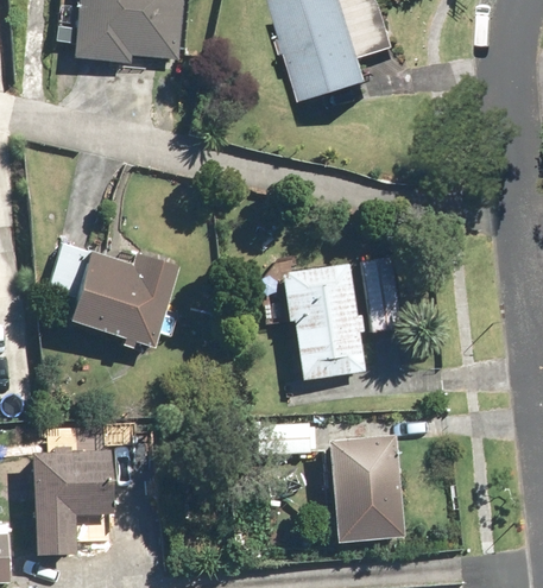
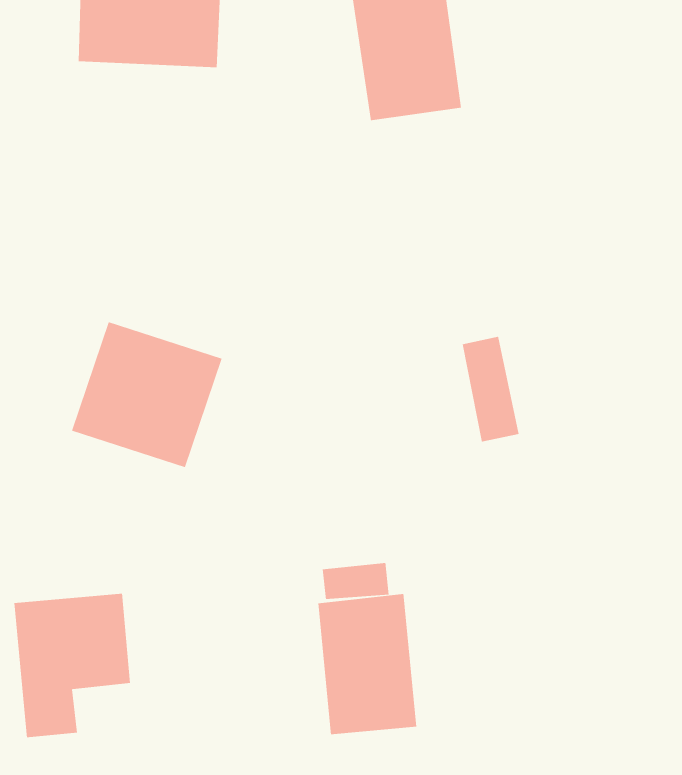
building: [288,265,365,373] -> none
building: [329,435,403,539] -> [317,593,417,735]

